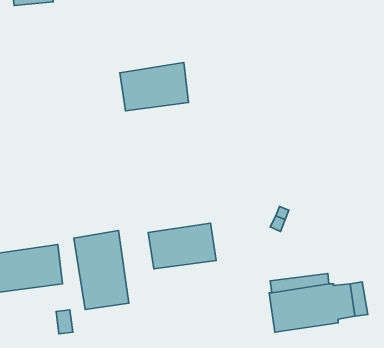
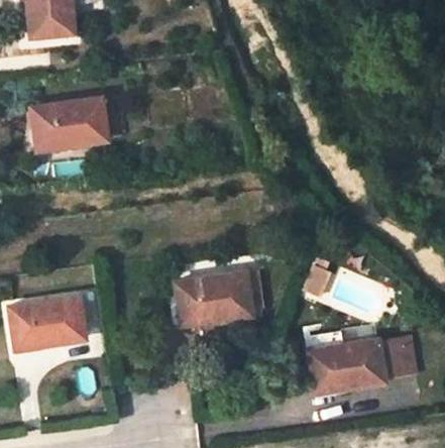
building: [120,63,189,111] -> [31,99,106,151]
building: [74,231,129,309] -> none

